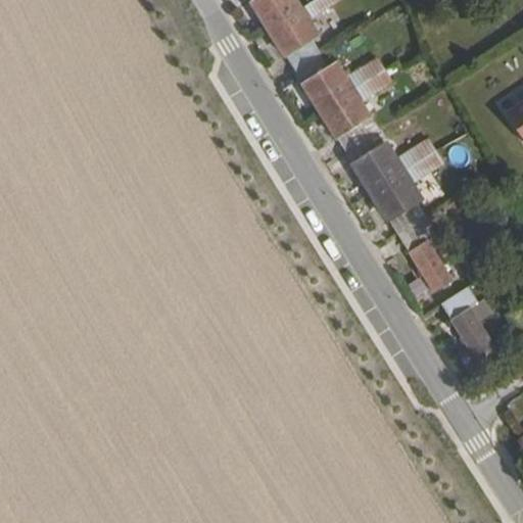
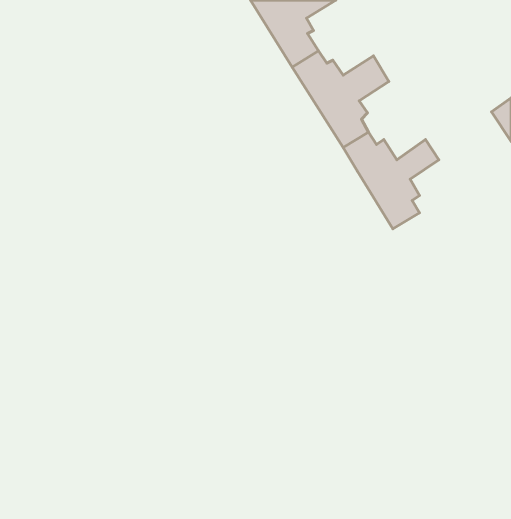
building: [394,211,451,292] -> none
building: [440,284,492,360] -> none

